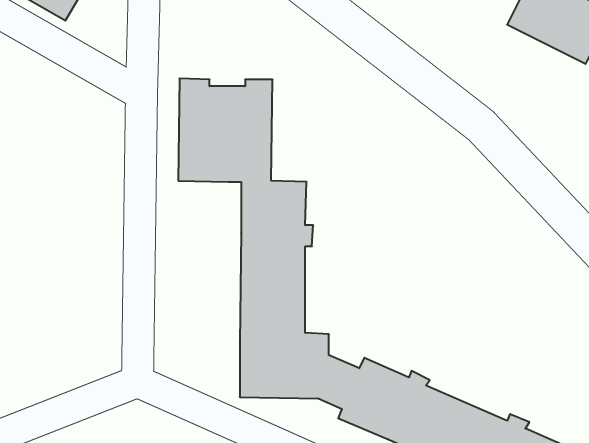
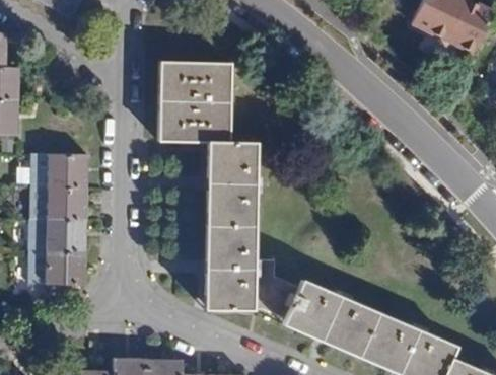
building: none -> [29,156,87,307]

